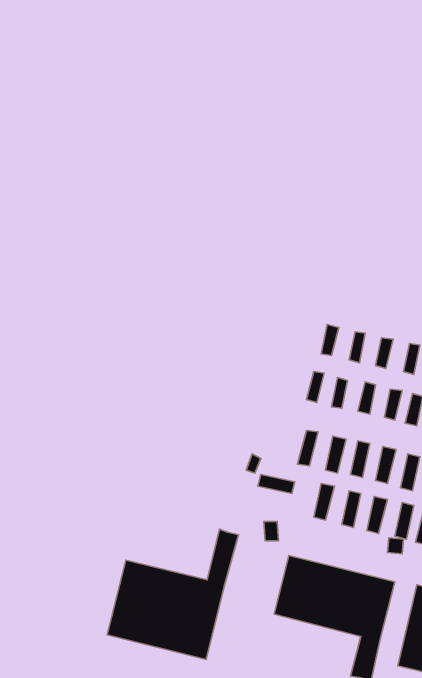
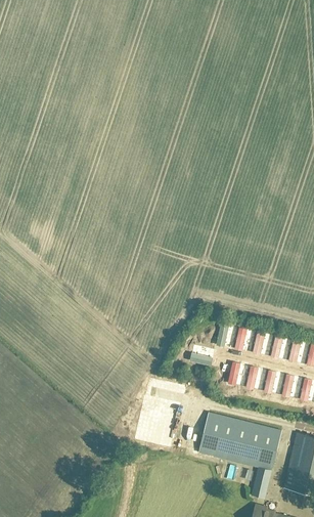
building: [107,529,238,660] -> none

